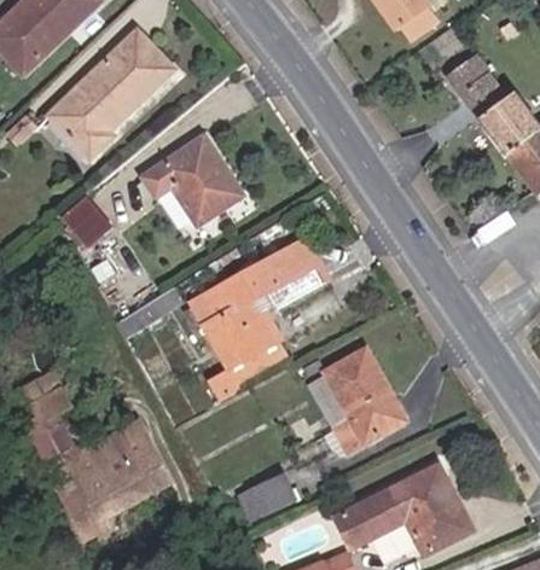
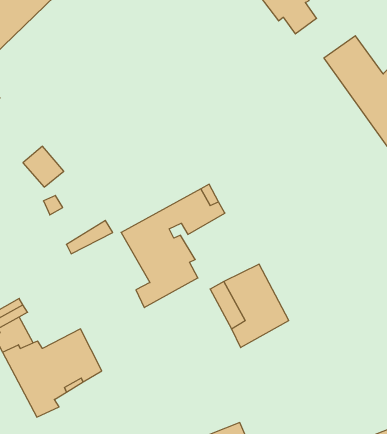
building: [45,25,176,161] -> none
building: [139,132,244,226] -> none
building: [335,463,472,556] -> none
building: [238,472,296,519] -> none

